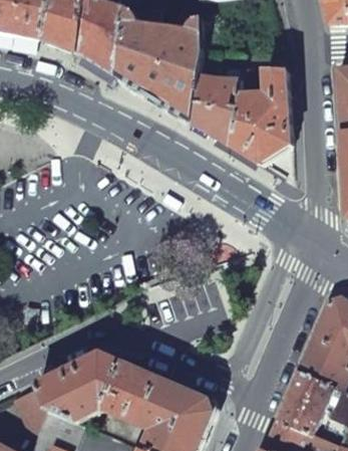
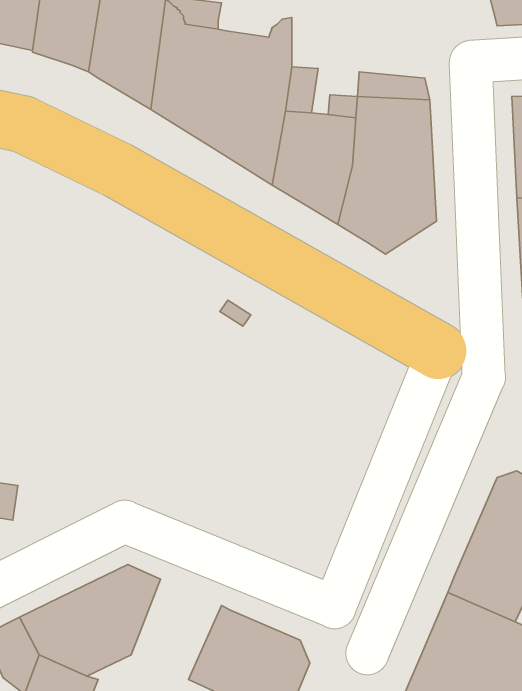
building: [103,363,158,424] -> none

